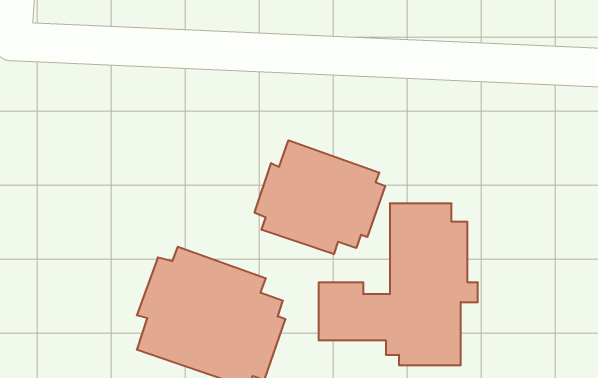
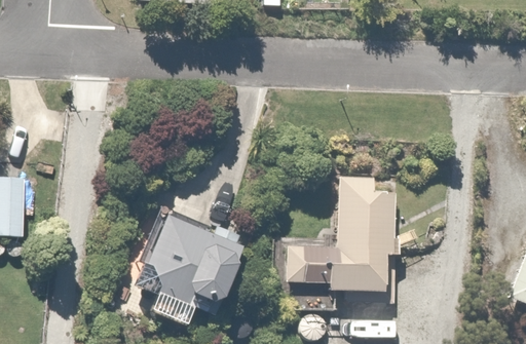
building: [255,140,385,254] -> none

